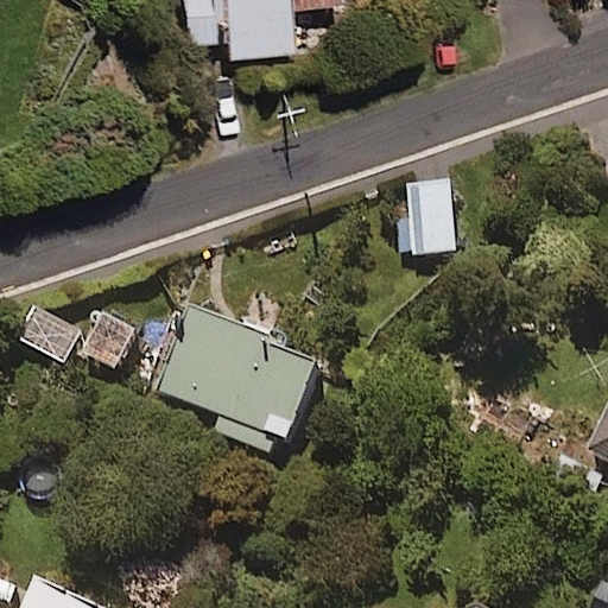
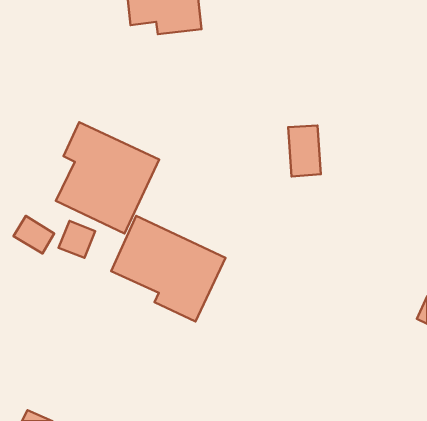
building: none -> [56,122,159,233]

